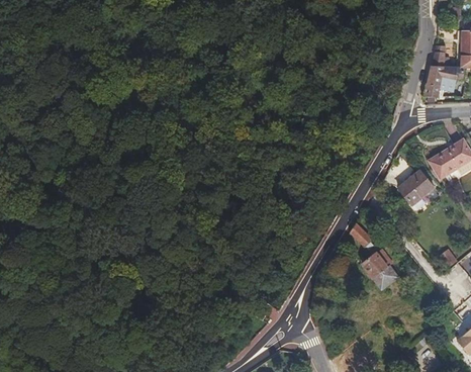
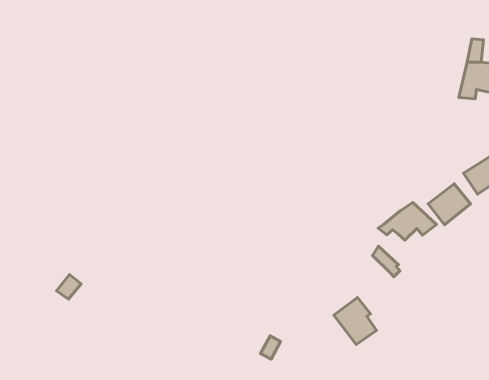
building: none -> [378,203,437,240]
building: [361,249,397,289] -> [334,297,376,345]

